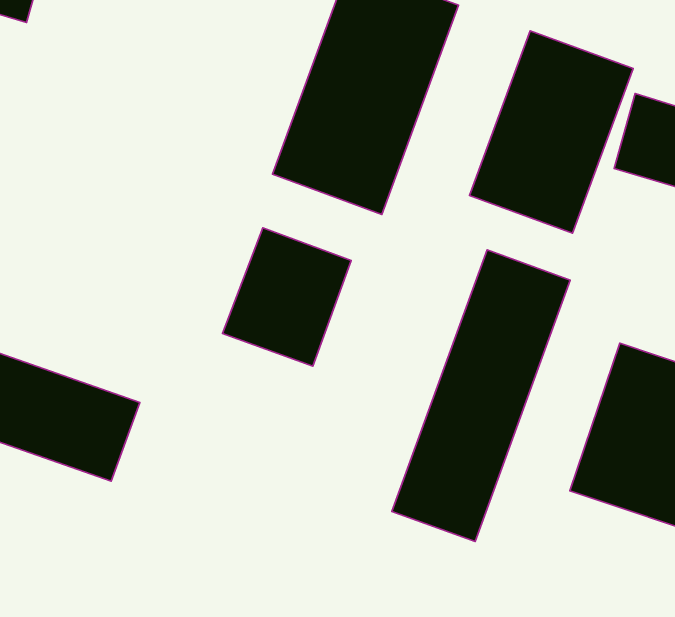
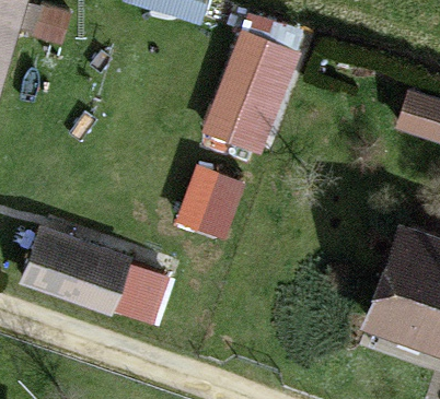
building: [470,31,633,233] -> none
building: [392,250,570,542] -> none

